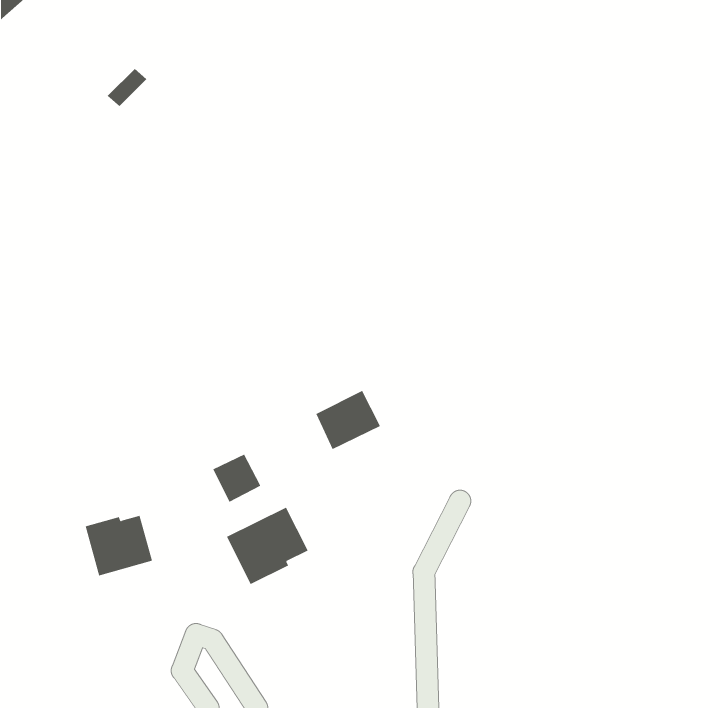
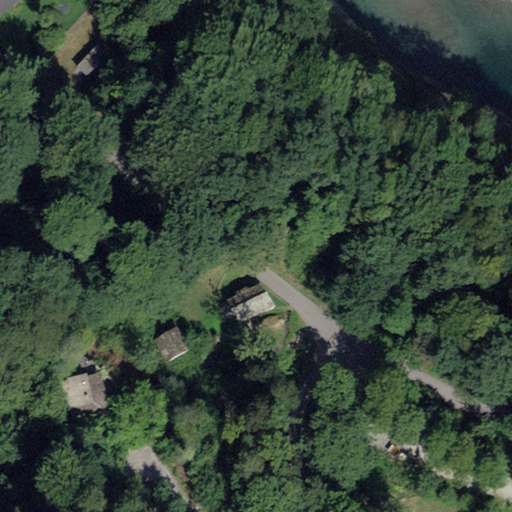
building: [226,507,309,585] -> none

